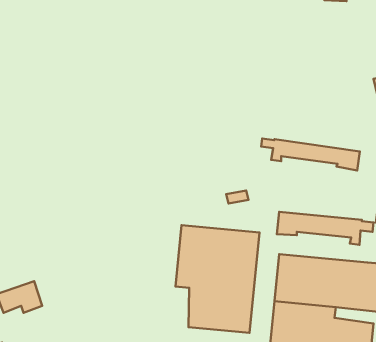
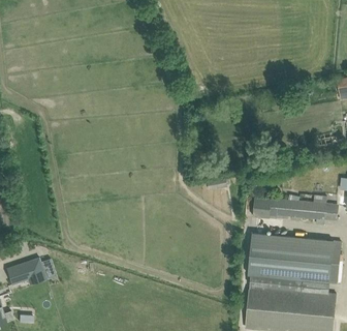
building: [261,138,360,170] -> none
building: [176,225,259,333] -> none

